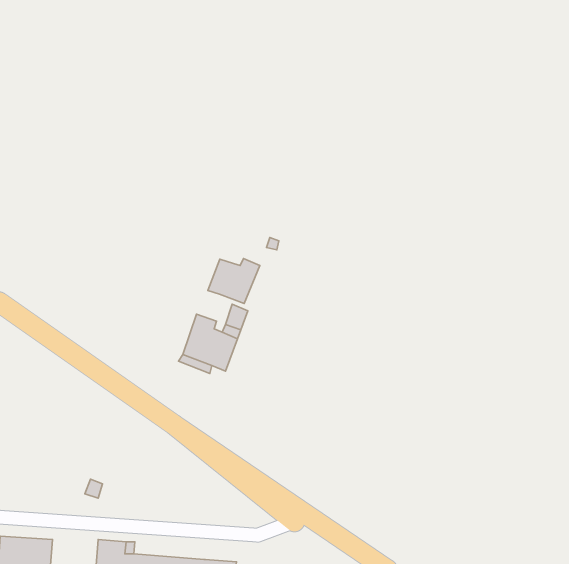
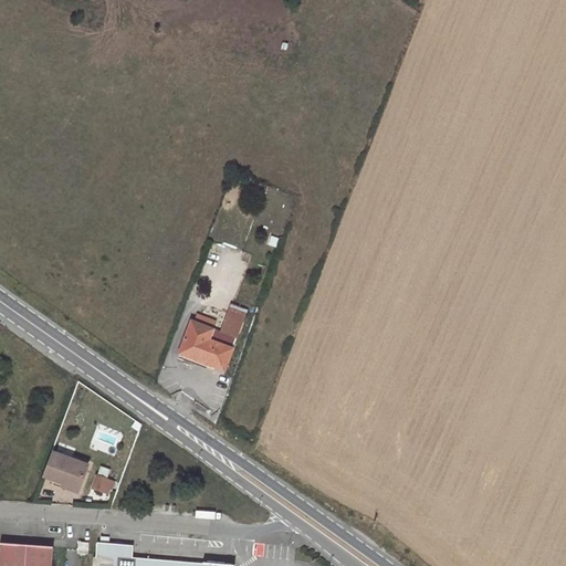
building: [208,259,260,303] -> none
building: none -> [41,458,87,499]

